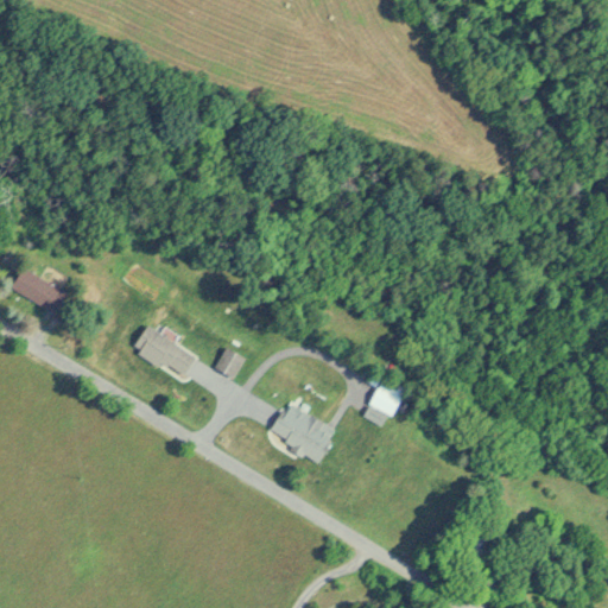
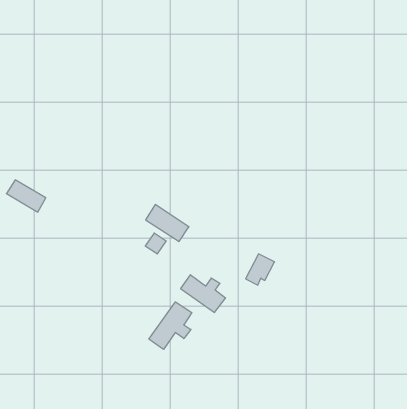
building: [132,324,196,379] -> [146,204,189,241]
building: none -> [149,302,192,349]

